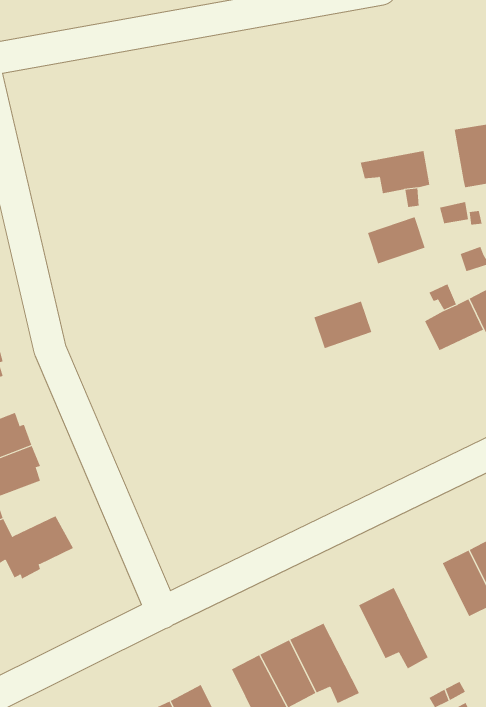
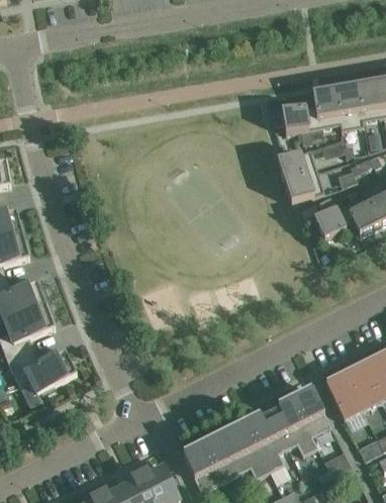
building: none -> [312,89,340,126]
building: [314,301,372,349] -> [282,169,321,201]
building: none -> [293,388,330,445]
building: none -> [246,410,287,470]

